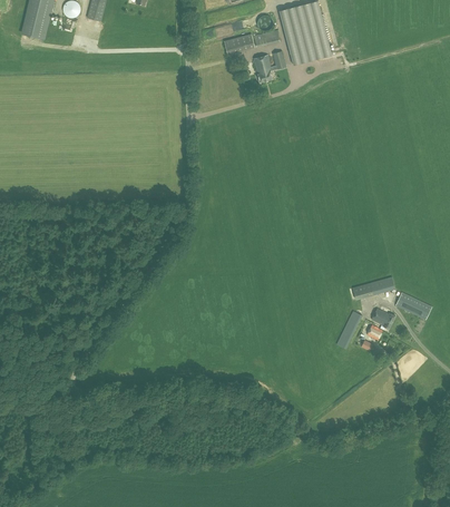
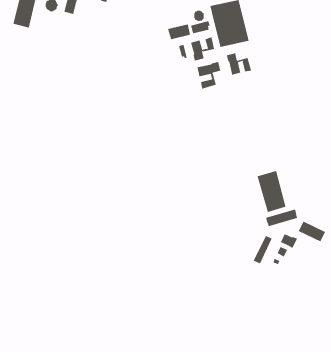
building: none -> [226,53,252,76]
building: none -> [197,61,221,89]
building: none -> [257,170,286,213]

